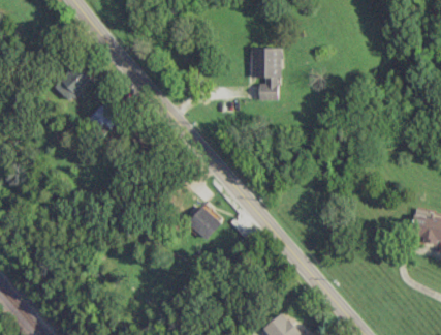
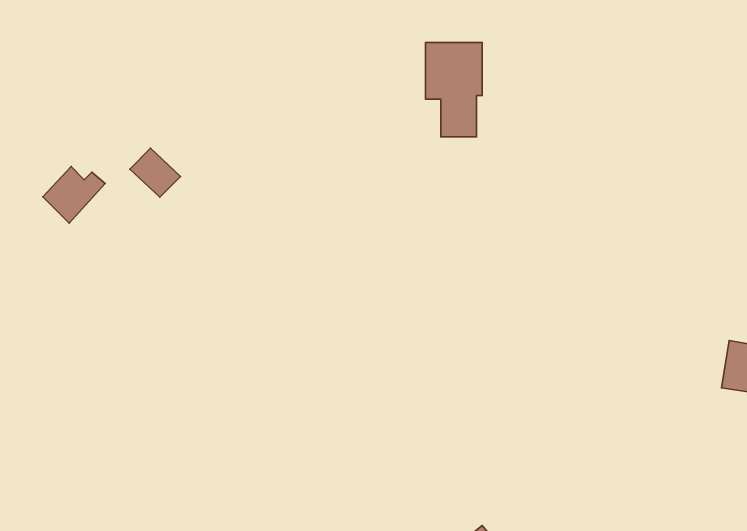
building: [56,69,90,100] -> [43,167,105,223]
building: [188,206,221,239] -> none

